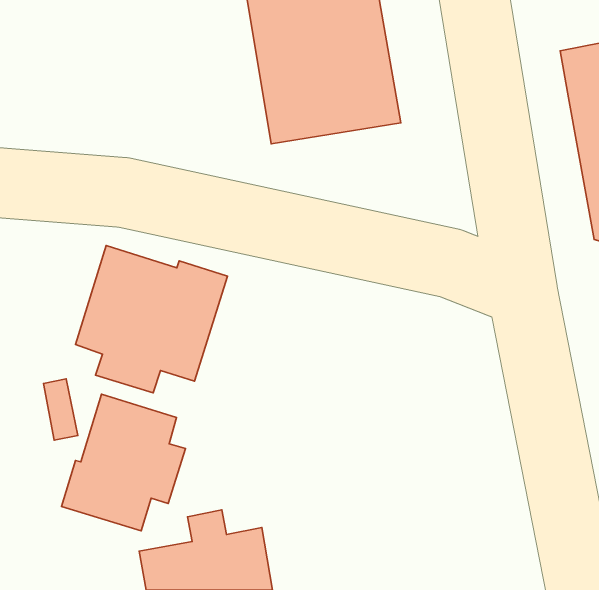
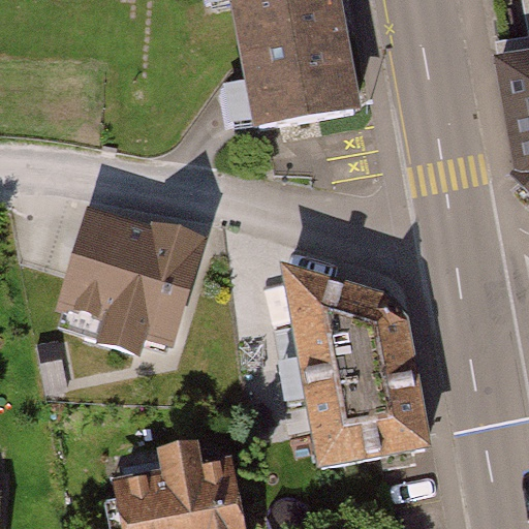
building: none -> [291,270,430,461]
building: [61,394,185,531] -> none

